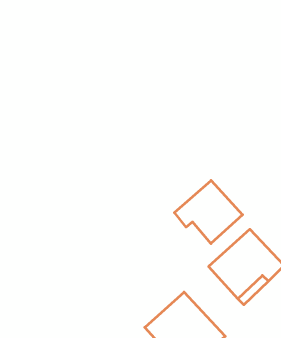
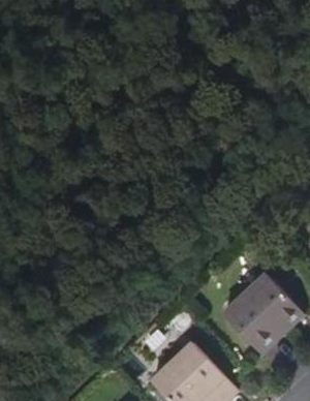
building: [174,180,243,244] -> none

